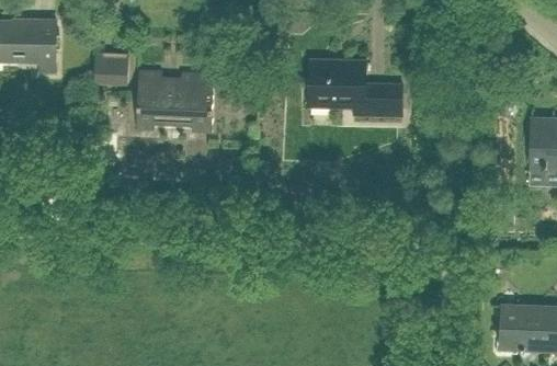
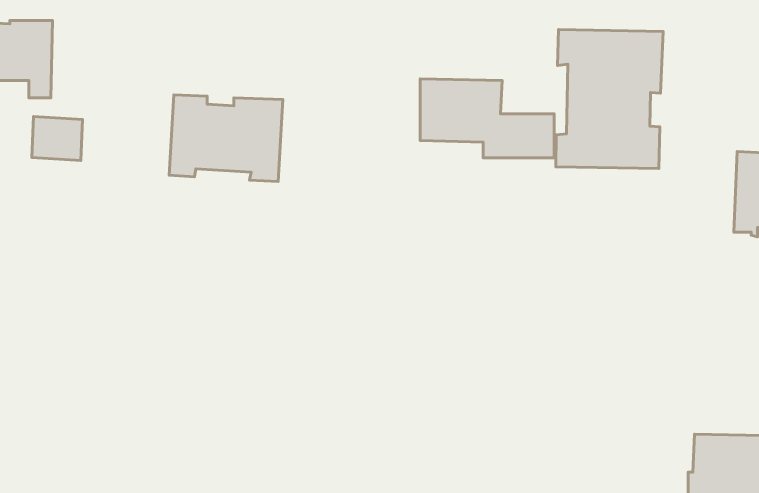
building: none -> [556,30,663,169]
building: [94,53,129,83] -> [32,116,82,161]

